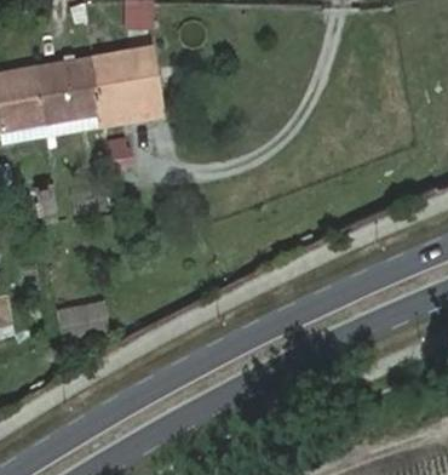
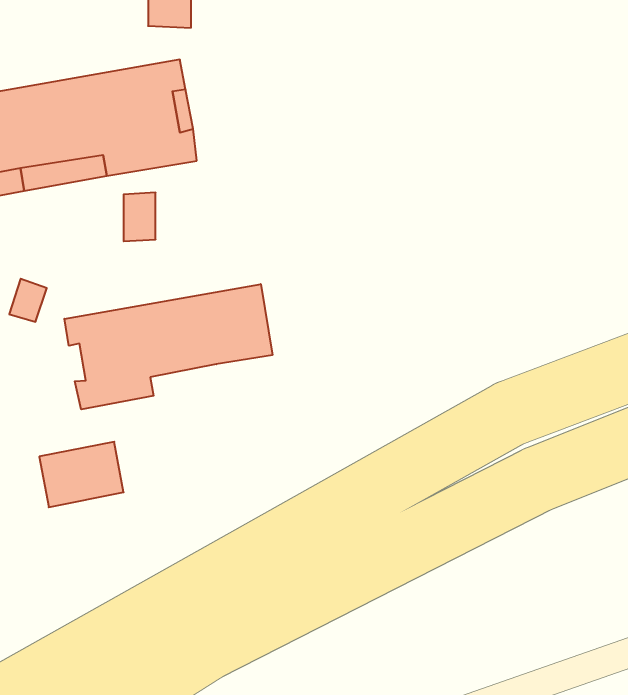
building: none -> [64,284,272,409]

